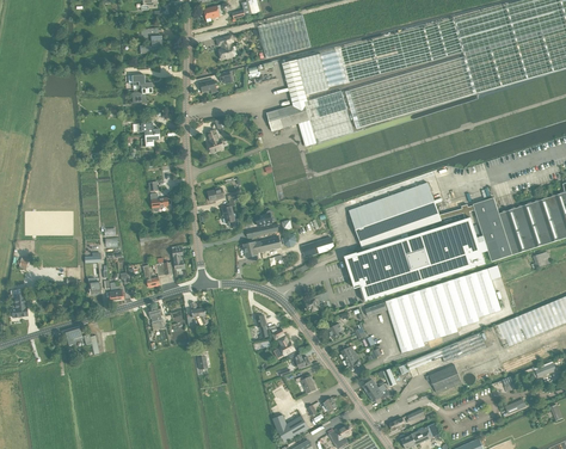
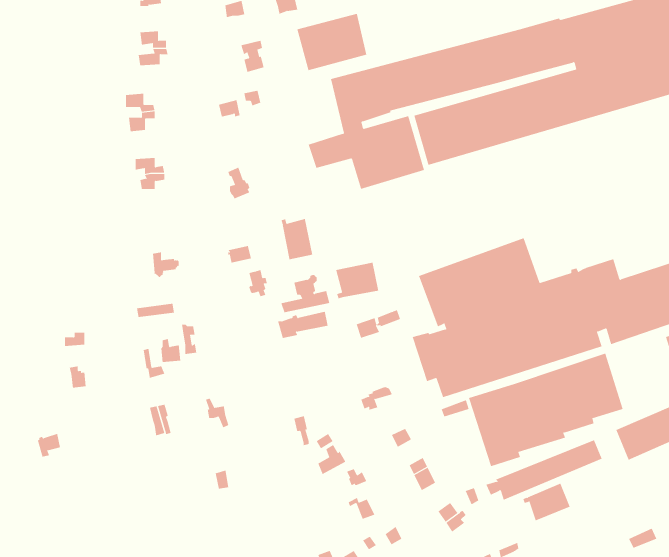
building: none -> [281,218,313,260]
building: none -> [335,262,379,299]

